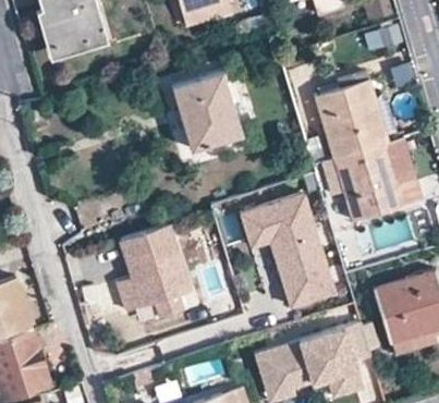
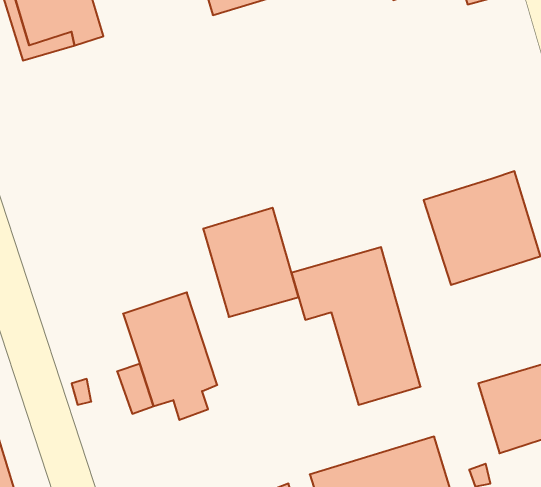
building: [171,70,240,148] -> [203,208,299,317]
building: [317,81,386,159] -> none

